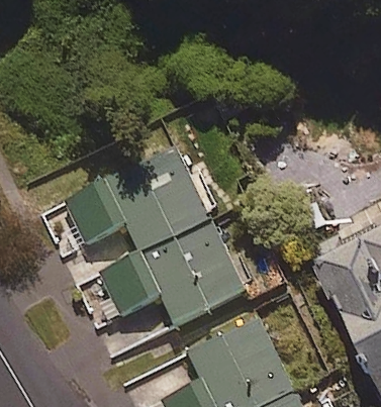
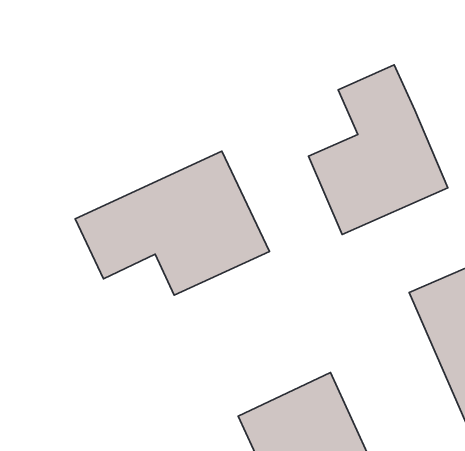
building: none -> [308,65,448,235]
building: [103,223,244,324] -> none

